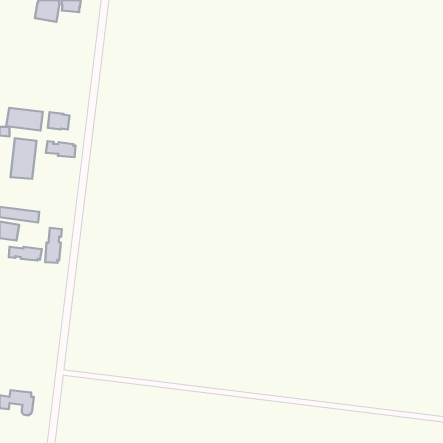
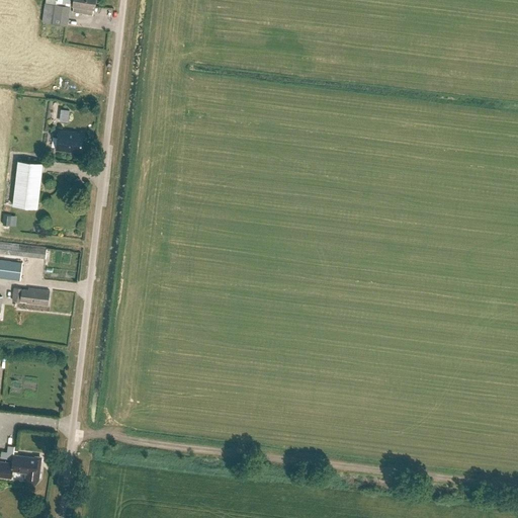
building: [6,108,43,130] -> none
building: [46,141,76,157] -> none
building: [45,228,62,263] -> none

